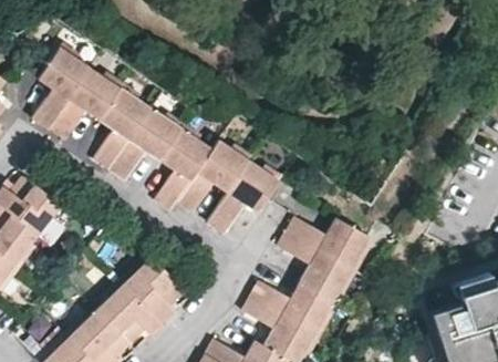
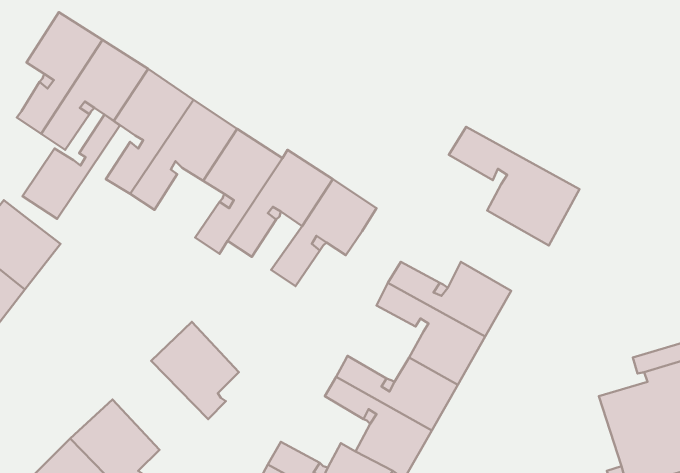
building: none -> [23,115,120,219]
building: none -> [449,127,579,245]
building: [96,285,162,345] -> none

